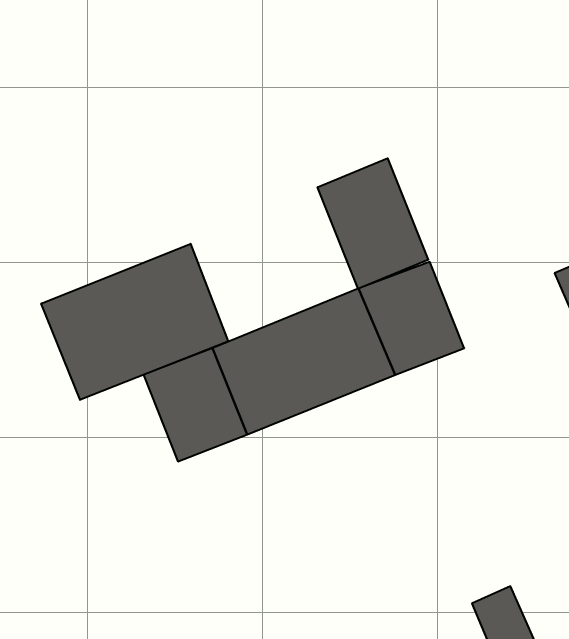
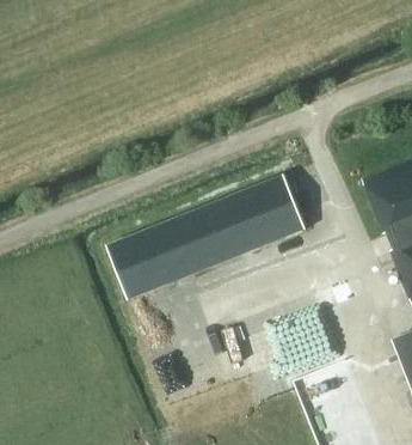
building: [318,158,428,289] -> none
building: [41,244,228,400] -> none

